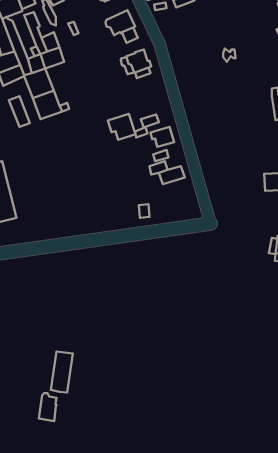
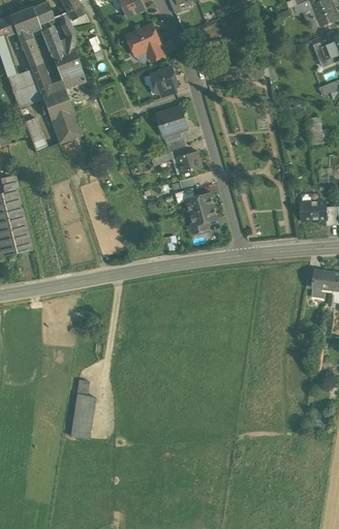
building: [108,114,135,140] -> [158,106,188,134]
building: none -> [191,206,218,234]
building: [39,393,57,421] -> none

